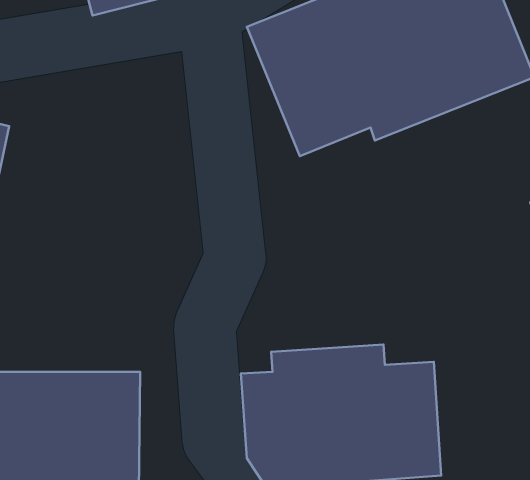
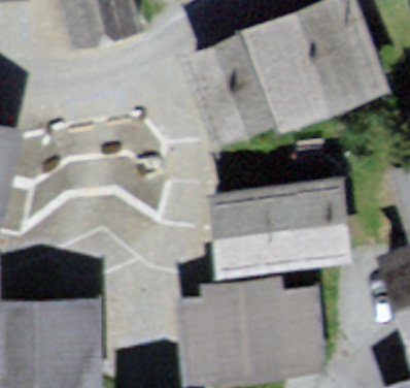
building: none -> [206,187,348,276]

